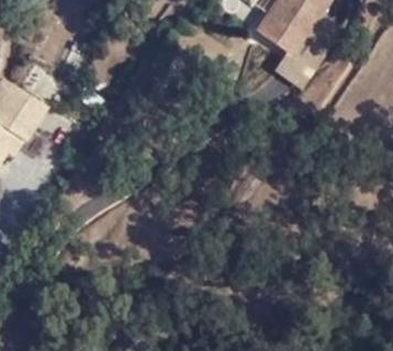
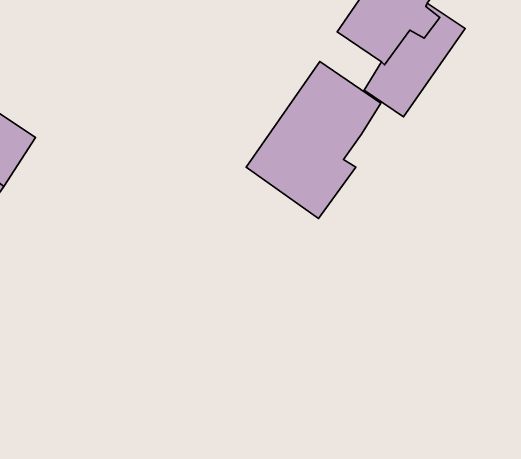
building: none -> [246,62,381,218]

